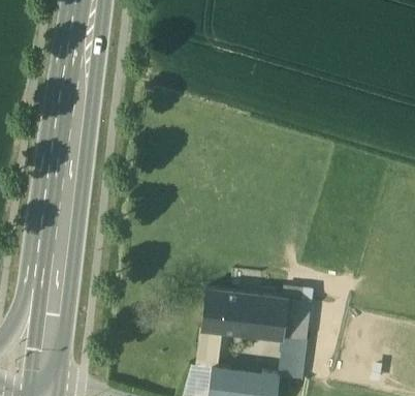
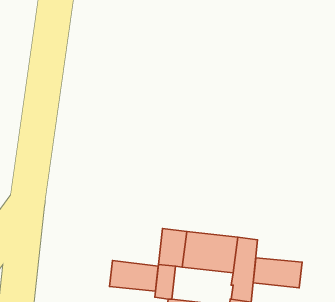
building: none -> [253,258,302,288]
building: none -> [110,261,158,291]

